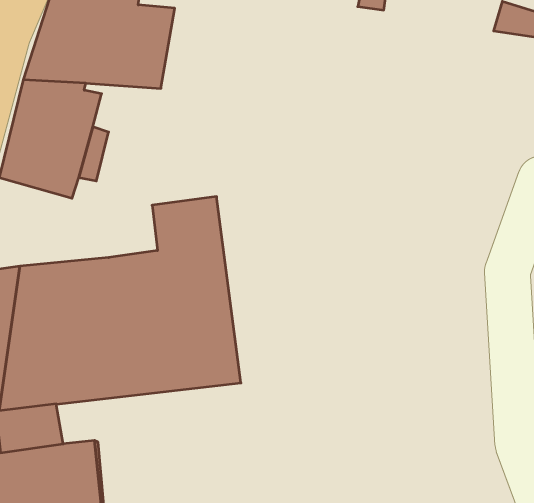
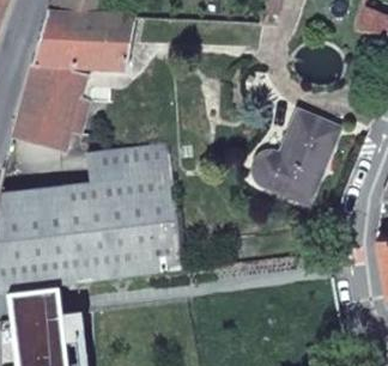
building: none -> [259,112,341,203]
building: none -> [87,148,125,184]

